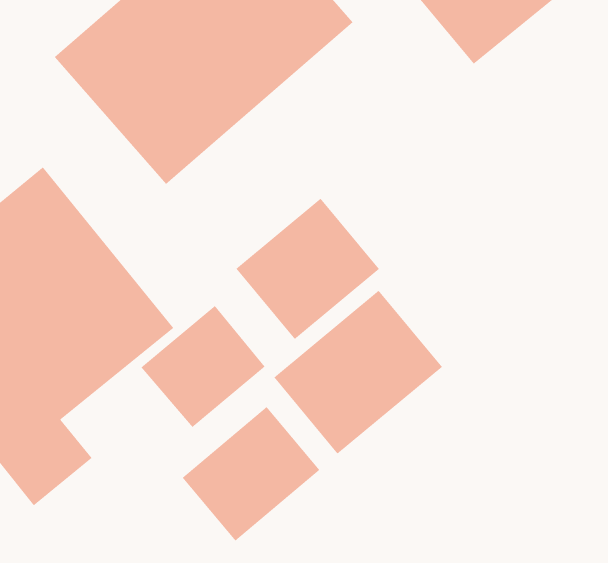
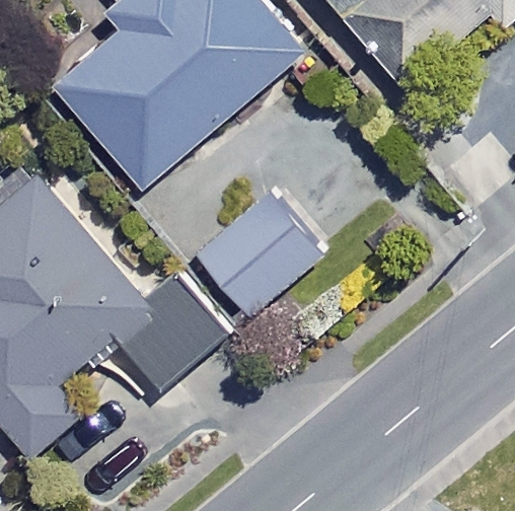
building: [273,290,443,454] -> none
building: [182,406,320,542] -> none

